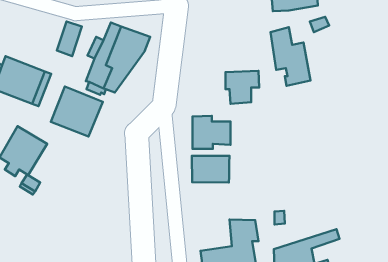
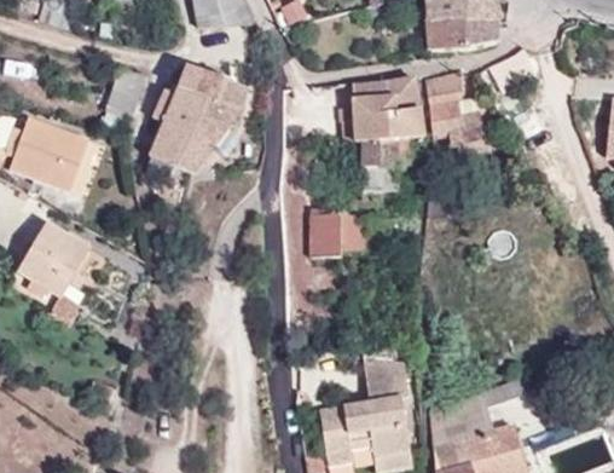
building: none -> [340,79,424,143]
building: [51,86,103,136] -> none
building: [192,156,229,183] -> none

